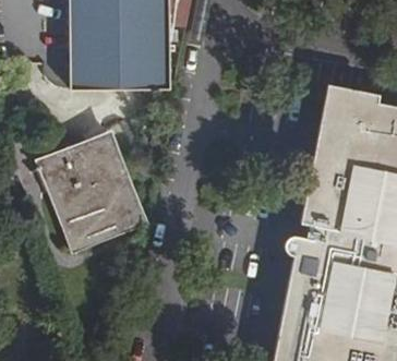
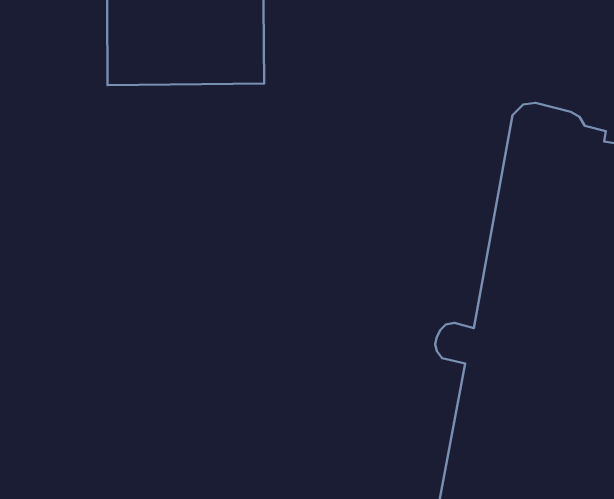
building: [32,132,143,254] -> none

